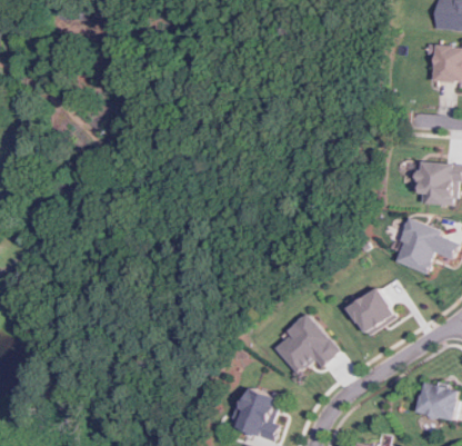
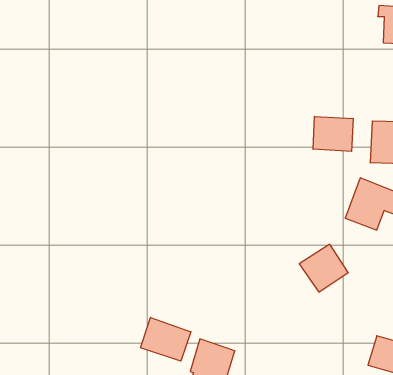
building: none -> [313,116,353,151]
building: [274,313,339,374] -> none
building: none -> [141,317,191,361]

